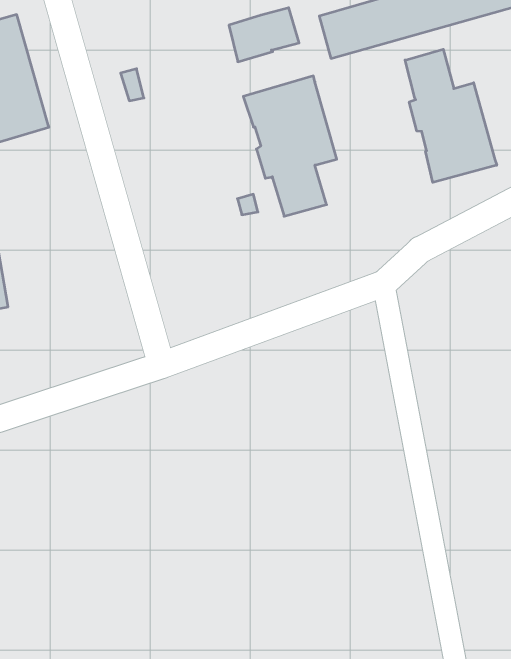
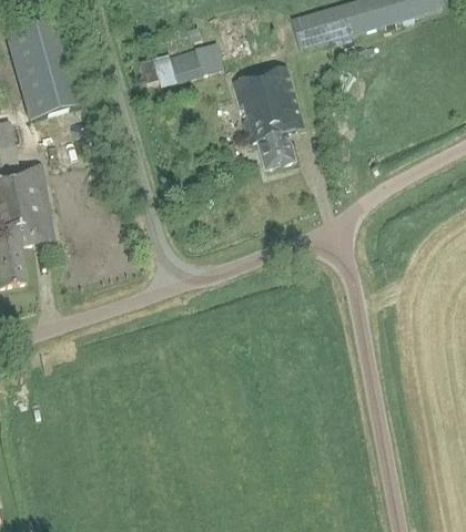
building: [229,8,299,62] -> [169,41,222,82]
building: [405,49,497,182] -> none

